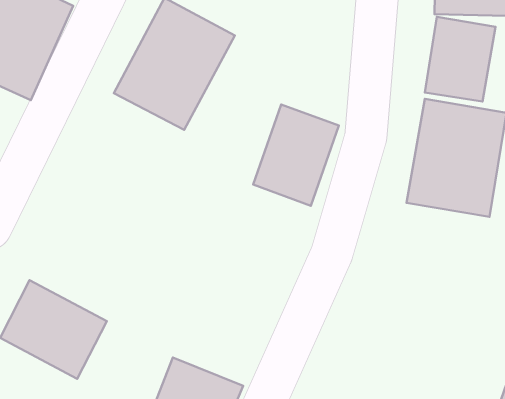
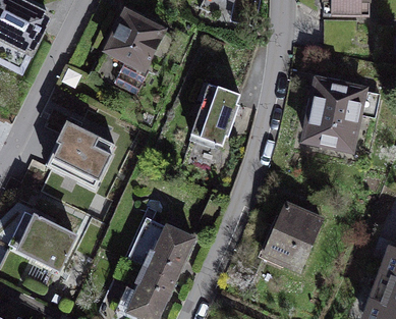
building: [425,17,495,102] -> none
building: none -> [49,114,128,187]
building: none -> [263,201,328,273]
building: none -> [129,218,199,283]

